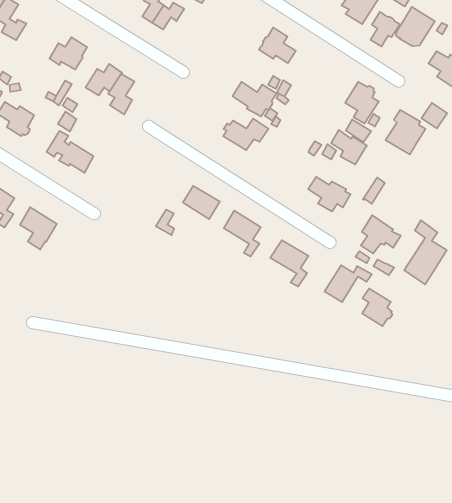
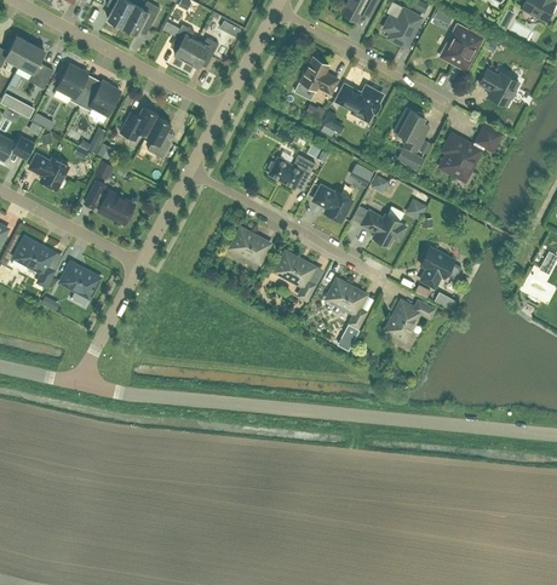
building: [370,12,400,47] -> none
building: none -> [56,64,88,104]
building: [233,82,277,117] -> [335,84,381,119]
building: [331,130,367,164] -> [314,184,351,219]
building: [404,220,447,285] -> none
building: [362,289,393,326] -> none

